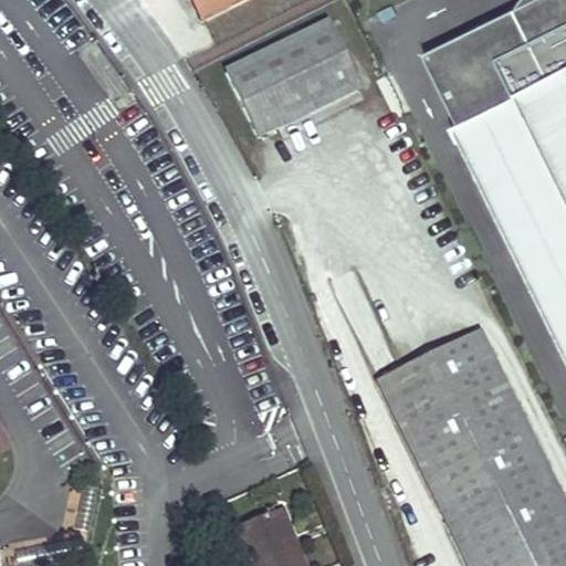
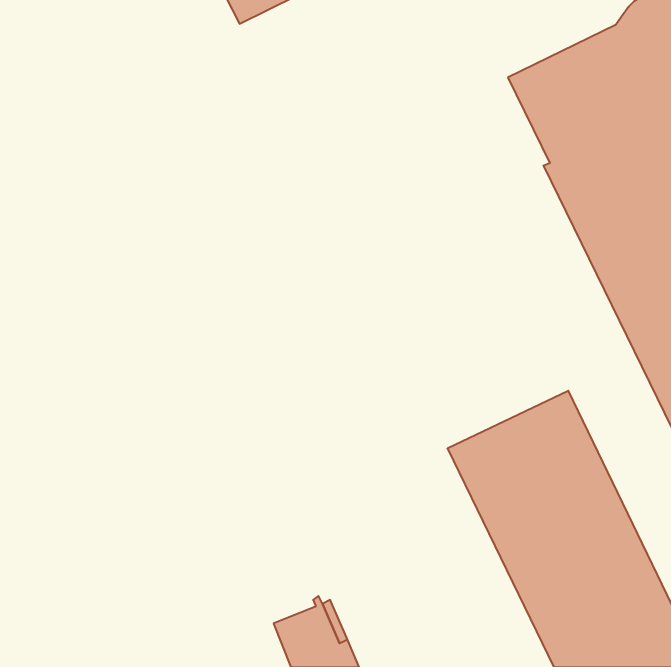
building: [227,19,363,136] -> none

